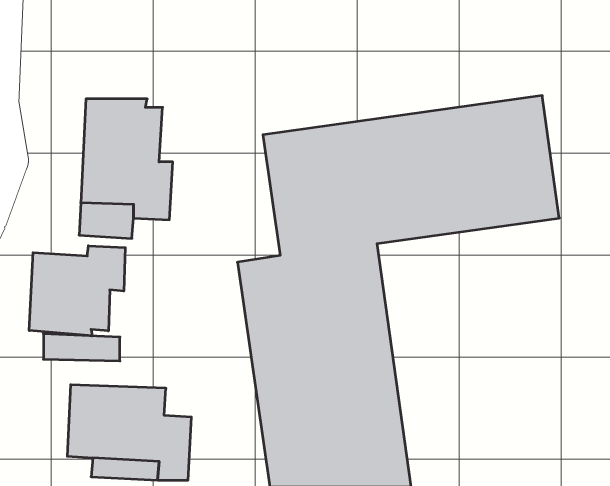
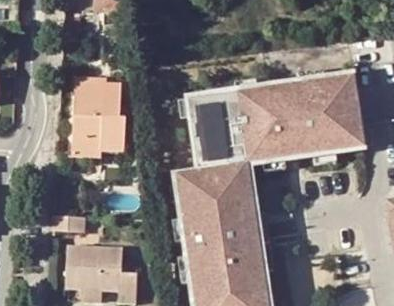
building: [29,246,125,336] -> none

